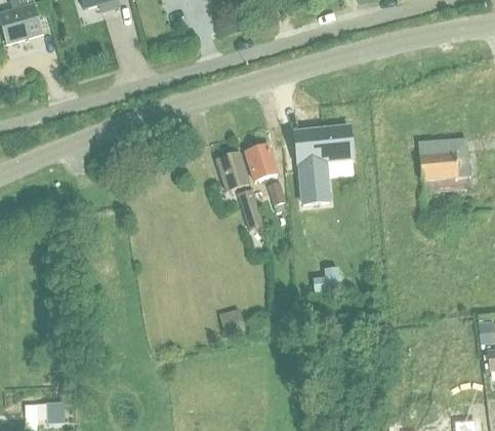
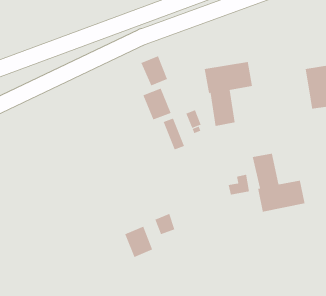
building: [244,144,276,181] -> [141,56,168,86]
building: none -> [252,153,305,212]
building: none -> [124,226,153,258]

